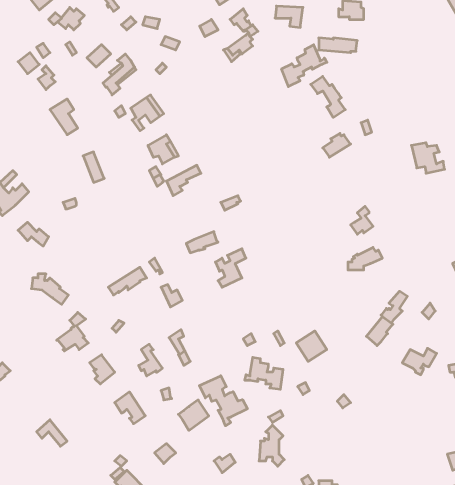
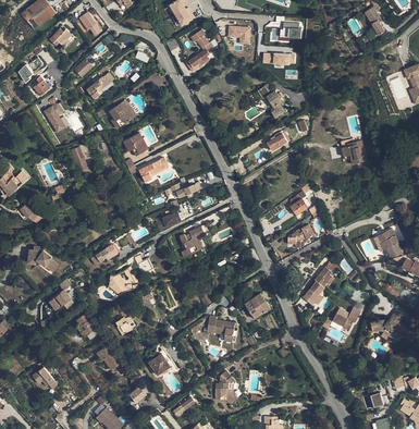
building: [282,45,327,87] -> none
building: none -> [108,267,135,294]
building: [199,376,247,426] -> none

